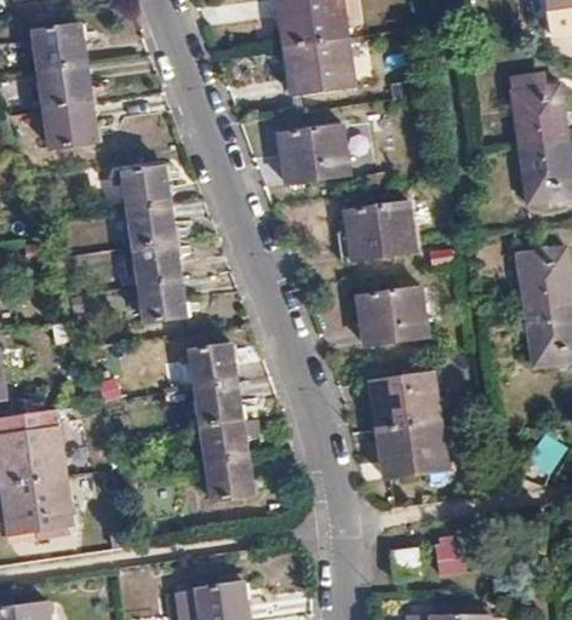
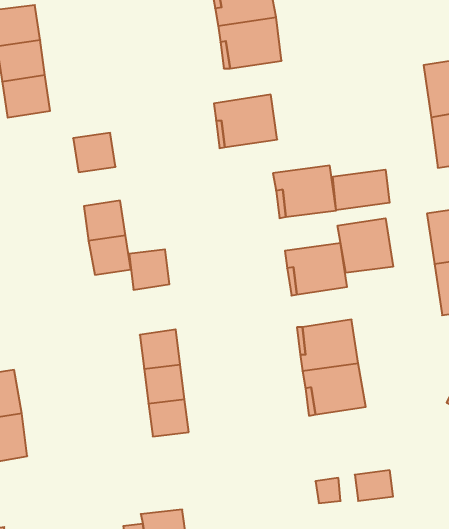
building: [128,202,175,246] -> none
building: none -> [333,170,390,210]
building: none -> [338,218,393,273]
building: [191,344,236,389] -> [129,249,169,290]

